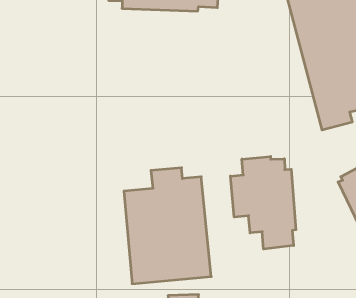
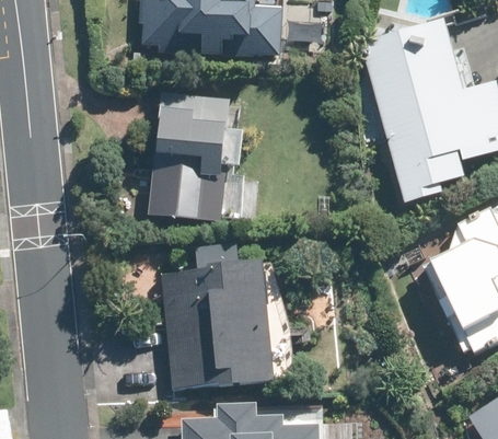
building: none -> [150,93,229,221]
building: [230,156,296,249] -> none

